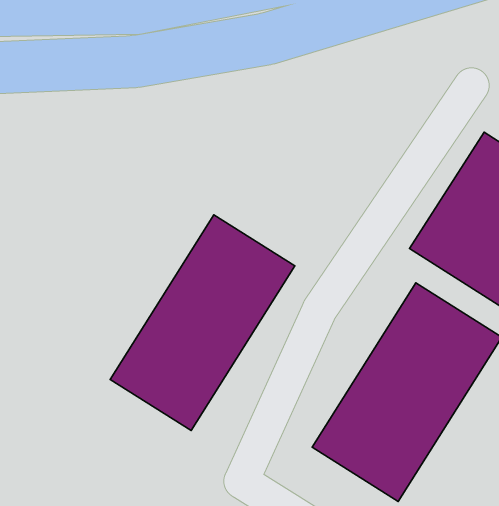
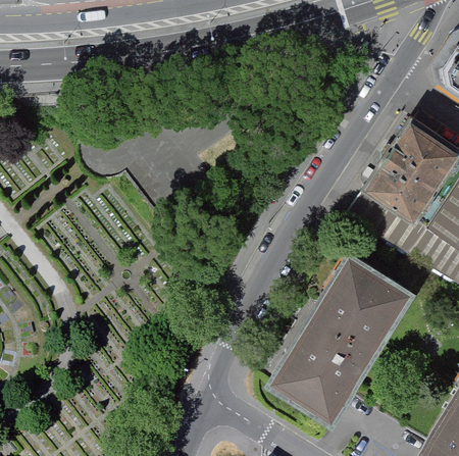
building: [110,215,295,430] -> none

